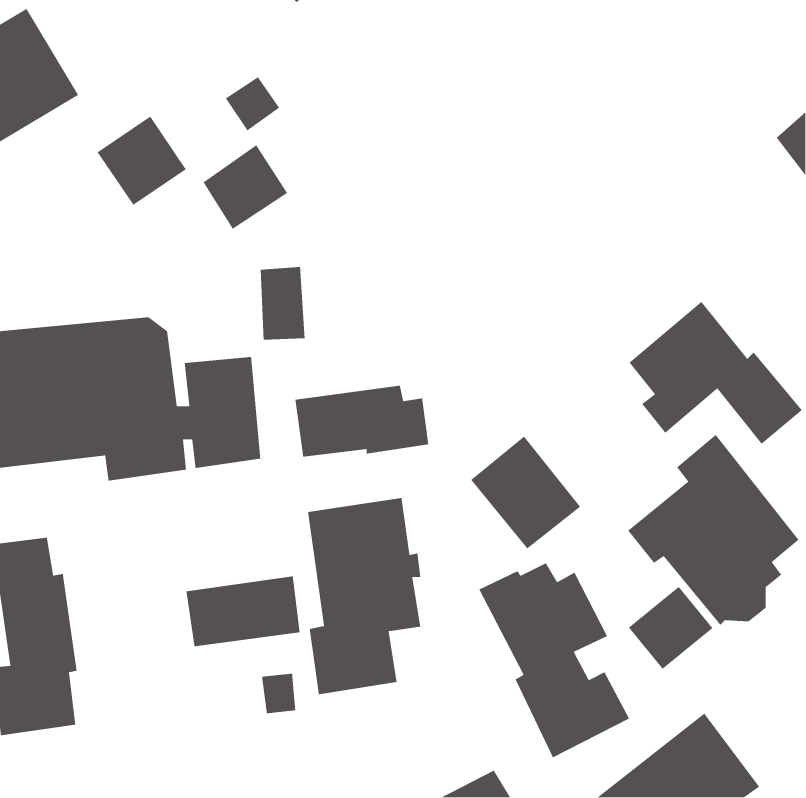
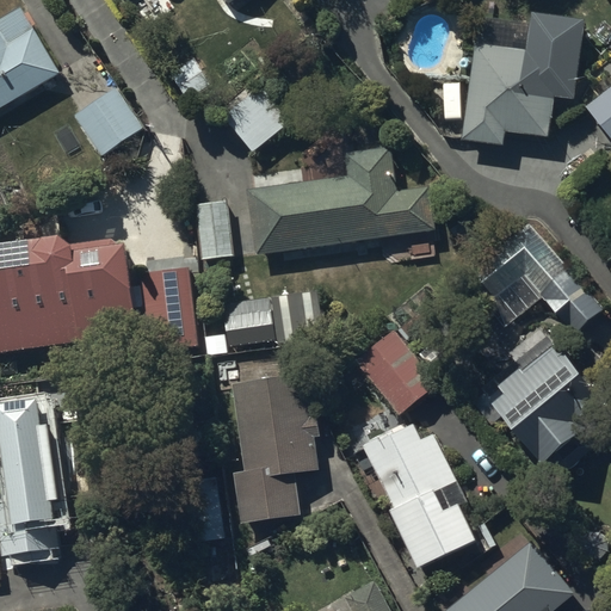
building: none -> [461,13,584,146]
building: [203,144,288,230] -> [220,80,284,144]
building: none -> [247,146,438,253]
building: [185,576,300,647] -> none
building: [628,586,713,670] -> none

